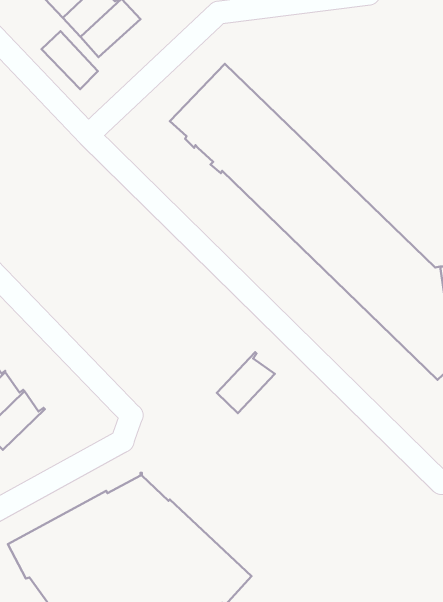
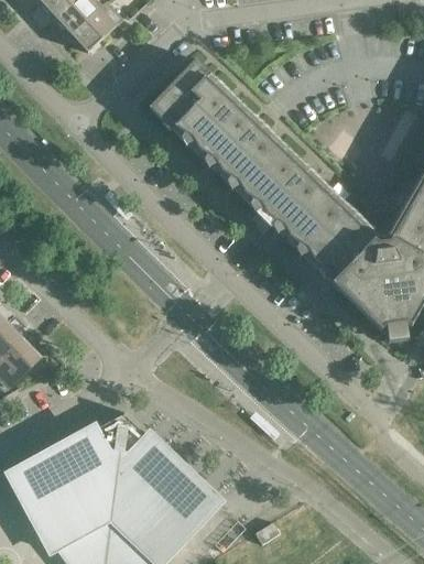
building: [41,31,98,89] -> none
building: [217,352,275,413] -> none

